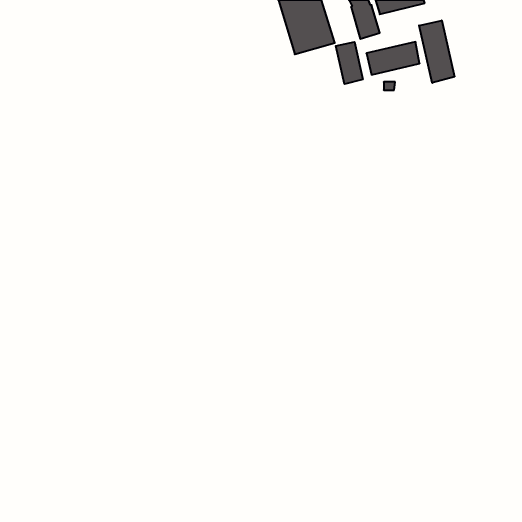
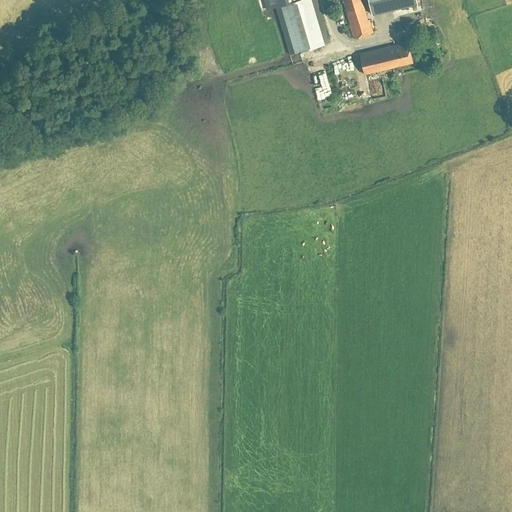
building: [419,20,454,83] -> none
building: [336,42,363,84] -> none

